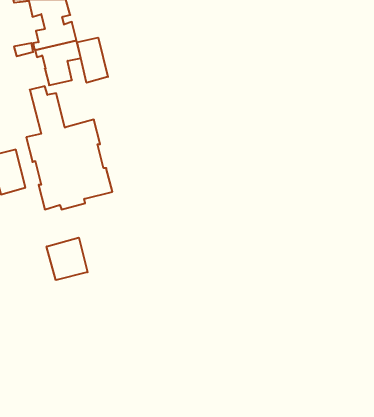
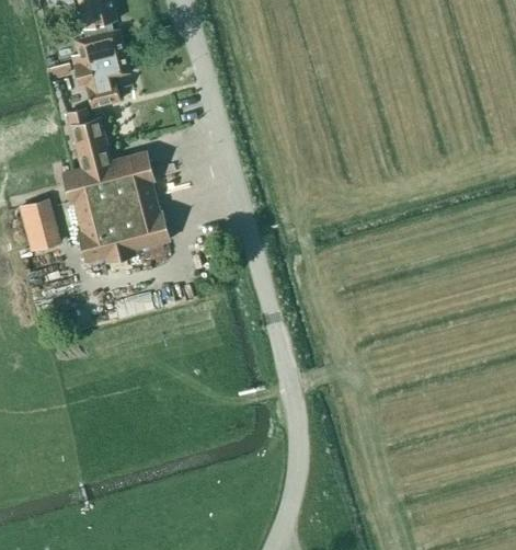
building: [77,38,108,83] -> none
building: [47,238,88,280] -> none

